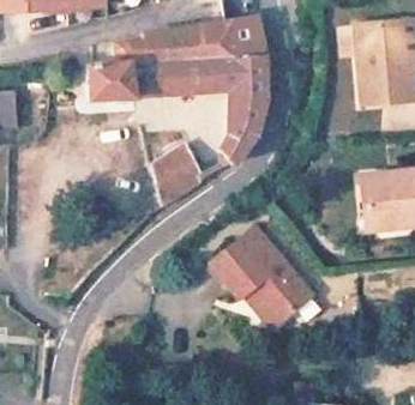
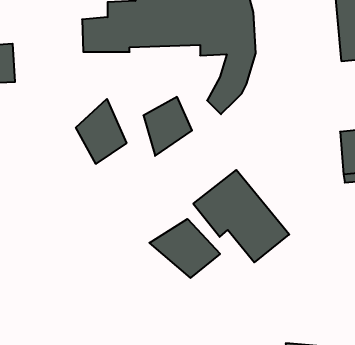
building: none -> [76,99,126,164]
building: none -> [149,219,220,278]

